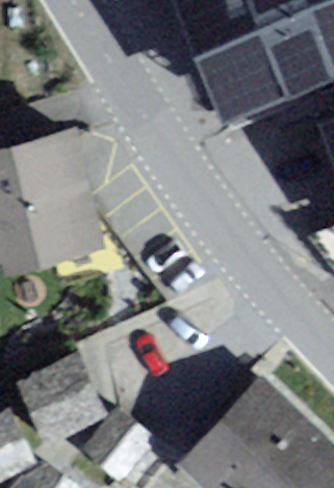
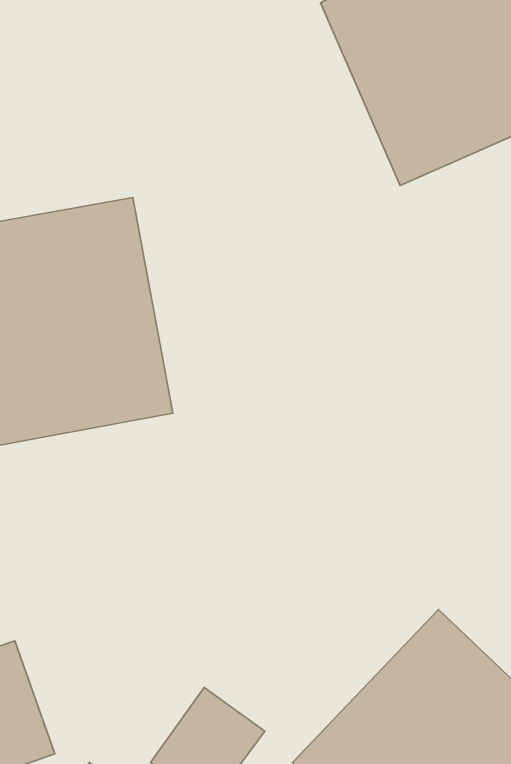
building: [27,355,113,442] -> none

